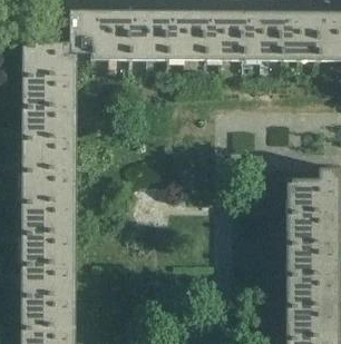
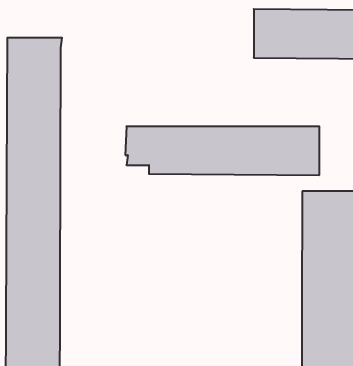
building: [71,13,245,57] -> [125,126,319,175]

